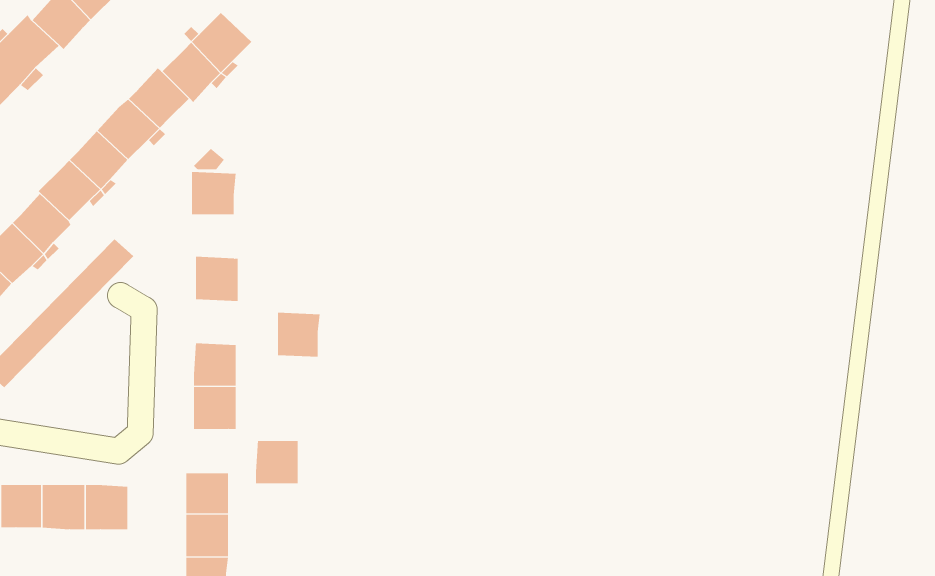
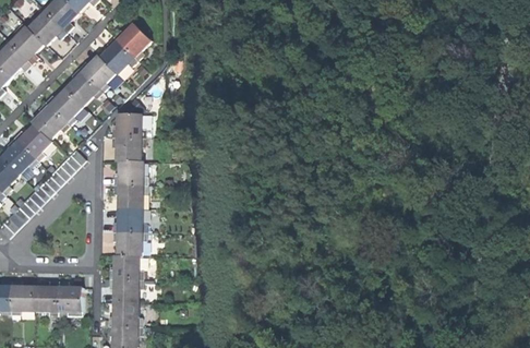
building: none -> [117,136,141,160]
building: [277,312,320,357] -> [119,183,143,208]
building: [255,440,298,484] -> [113,255,137,279]

